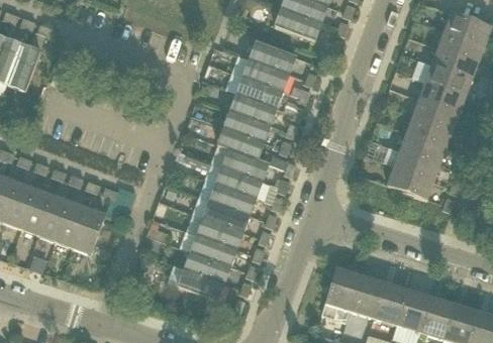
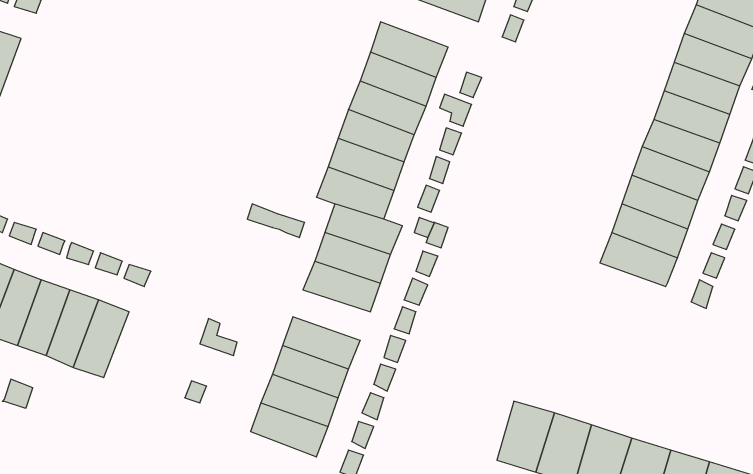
building: [202,201,249,231] -> none

